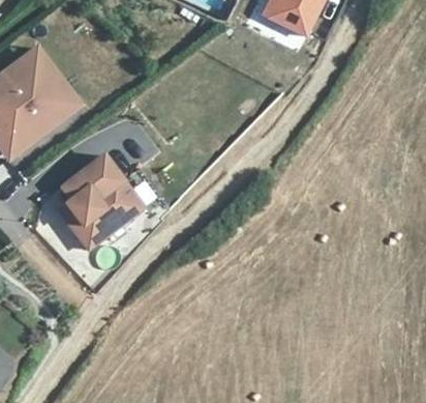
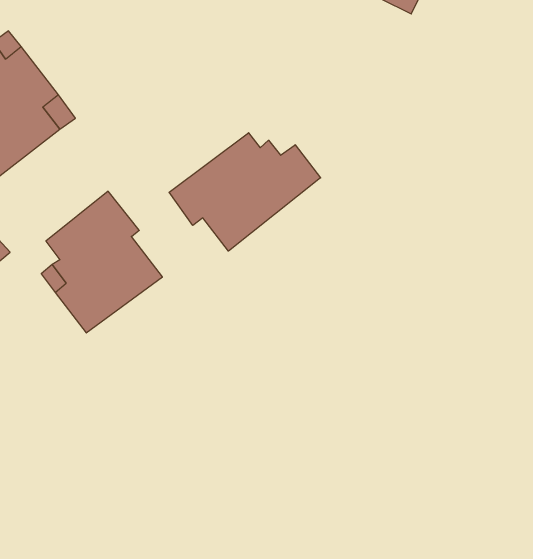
building: none -> [169,133,321,251]

